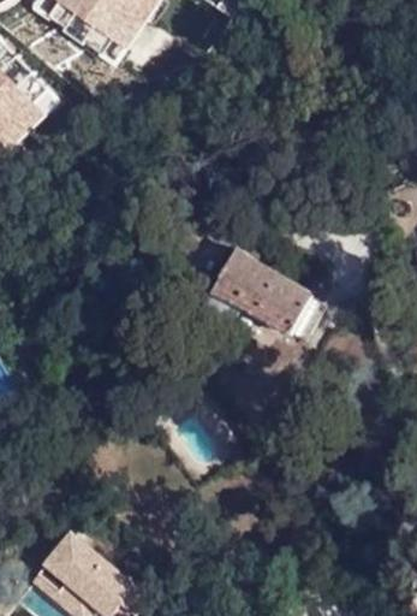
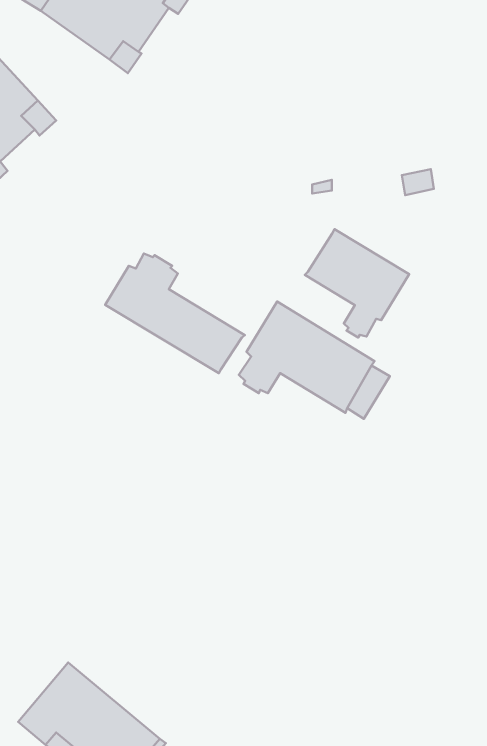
building: none -> [305,229,409,337]
building: none -> [105,253,245,373]

